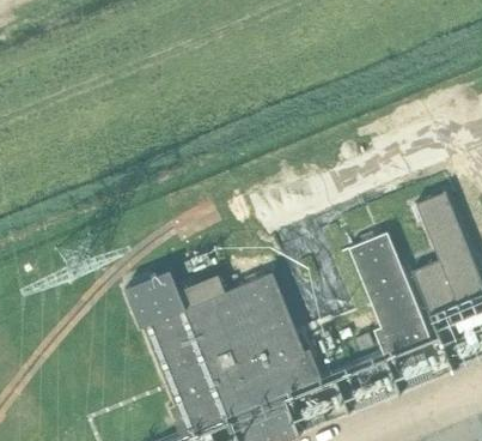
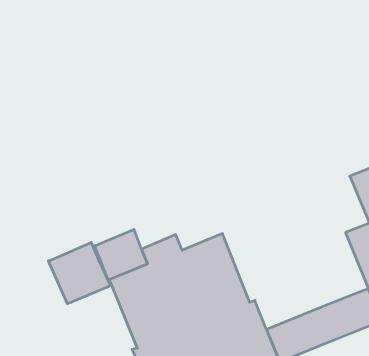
building: [348,230,429,356] -> none
building: none -> [48,242,110,304]

